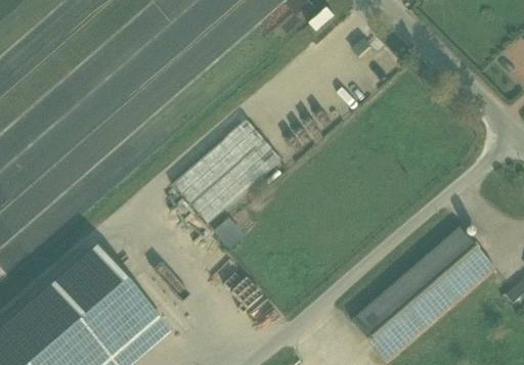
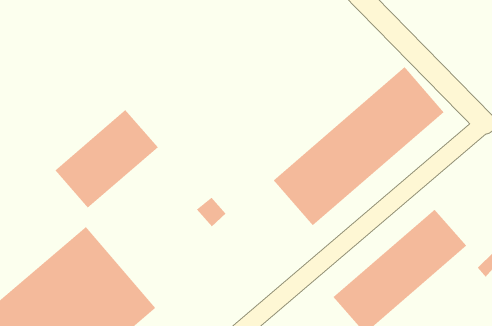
building: none -> [273,66,444,226]
building: [171,118,280,222] -> [54,109,159,209]

